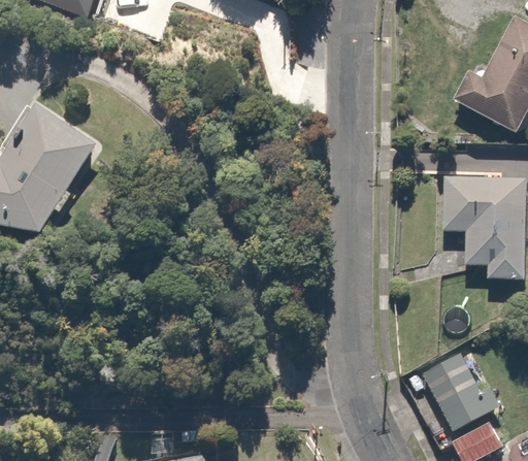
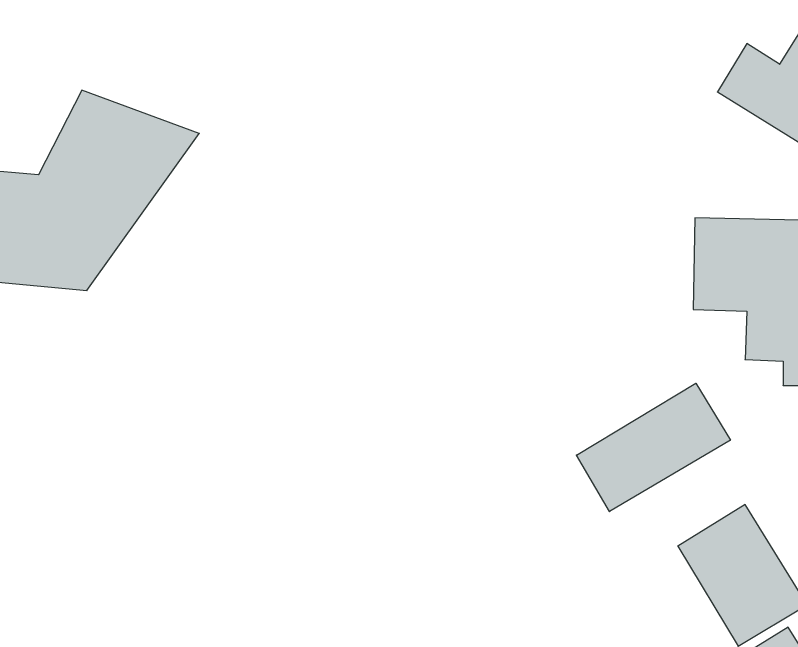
building: none -> [576,383,730,512]

